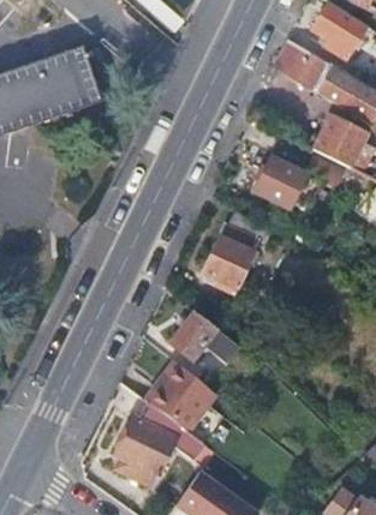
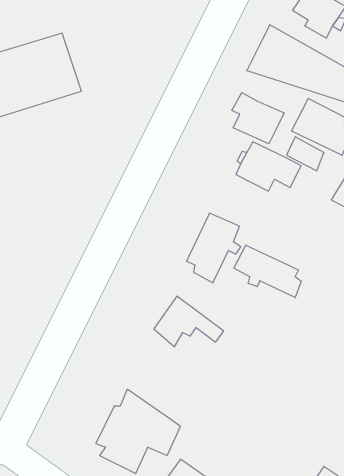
building: none -> [232,93,284,144]
building: none -> [234,245,301,298]
building: [143,363,215,433] -> none

